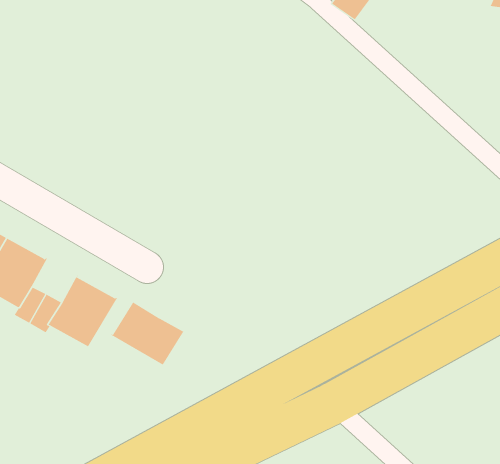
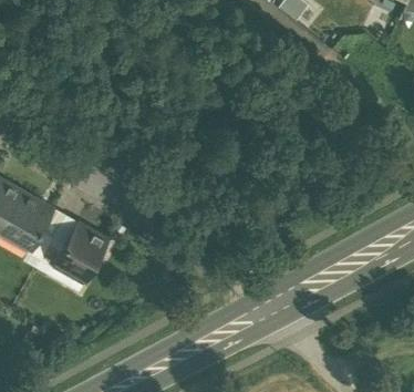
building: [110,300,184,365] -> none

